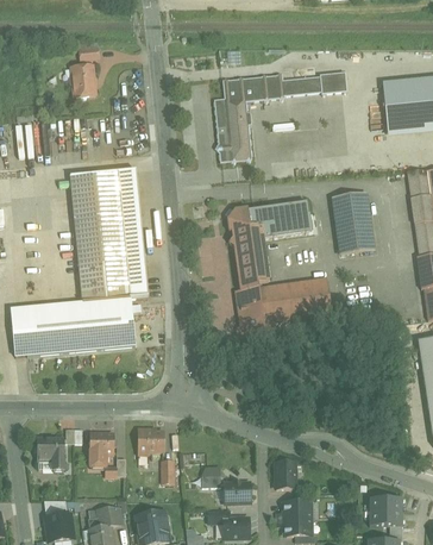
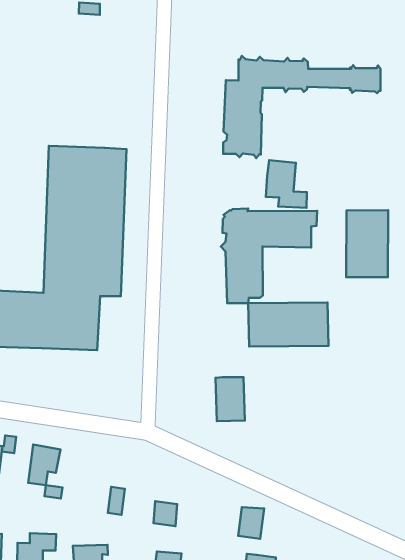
building: [71,65,95,96] -> none
building: none -> [266,160,307,208]
building: [234,287,264,327] -> [216,377,245,421]
building: [138,428,164,453] -> none
building: [225,481,250,502] -> none

